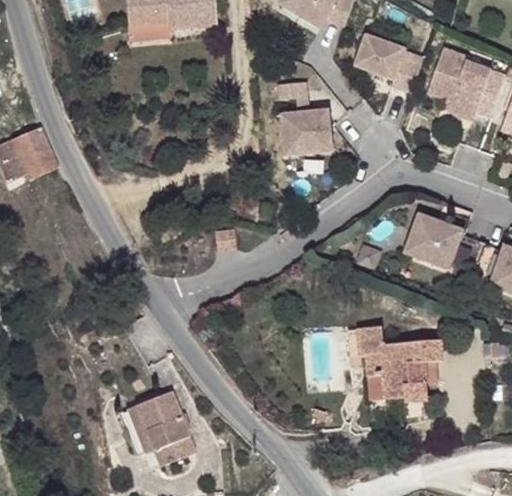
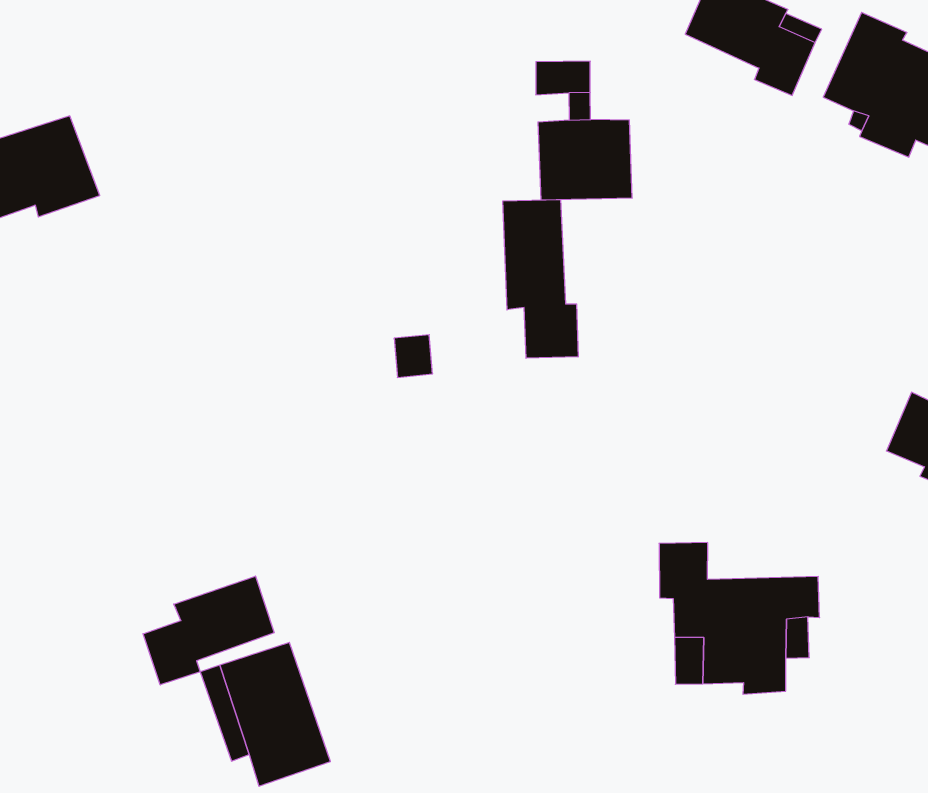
building: none -> [503,200,578,358]
building: [404,213,482,272] -> none
building: none -> [143,576,274,685]

